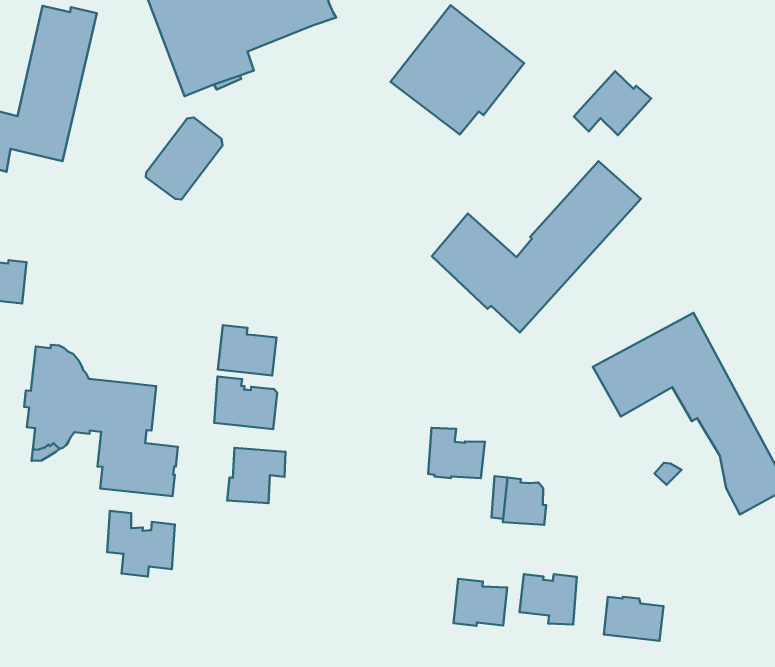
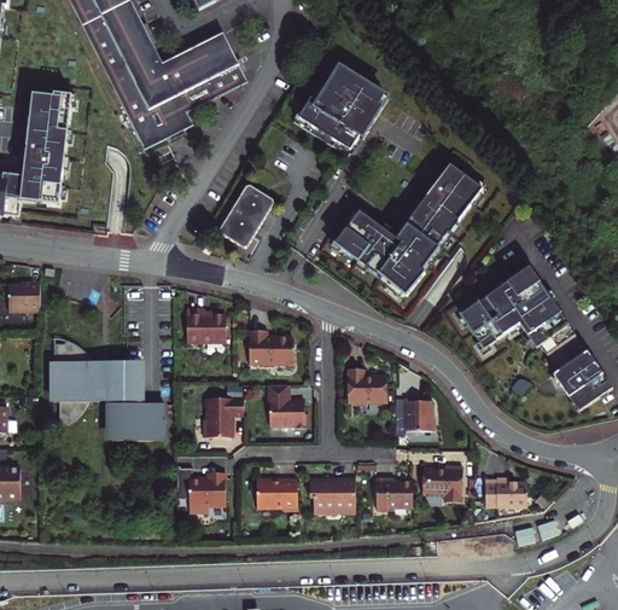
building: [574,71,651,135] -> none
building: [146,118,222,200] -> [221,178,274,238]
building: [214,376,277,429] -> [249,332,293,366]
building: none -> [268,384,307,426]
building: [107,511,175,576] -> [176,466,226,511]
building: none -> [258,477,301,510]
building: none -> [310,477,357,515]

